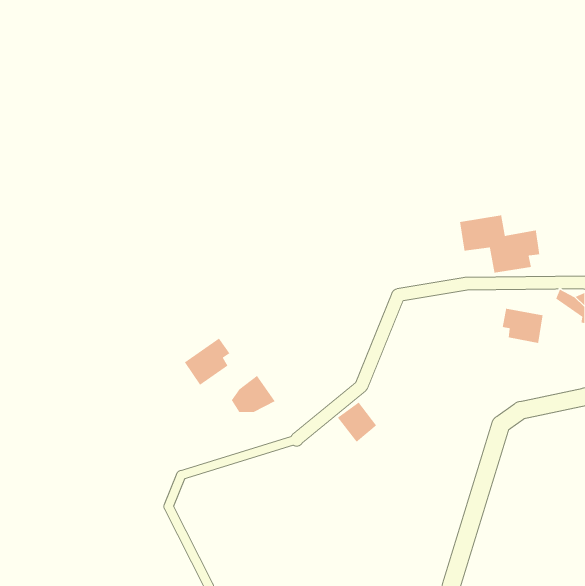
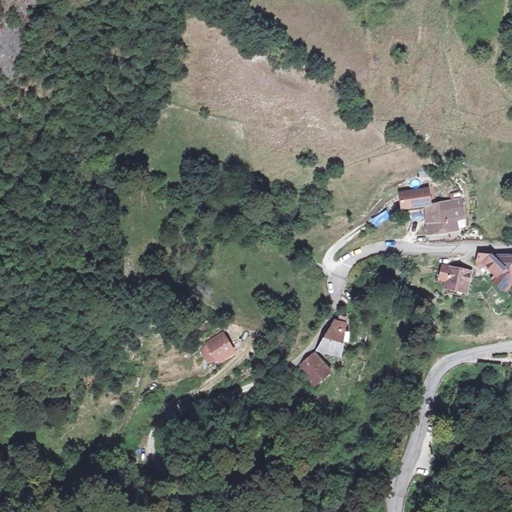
building: [184,337,230,386] -> none
building: none -> [317,314,350,352]

